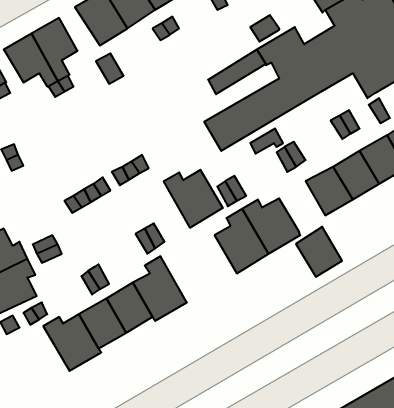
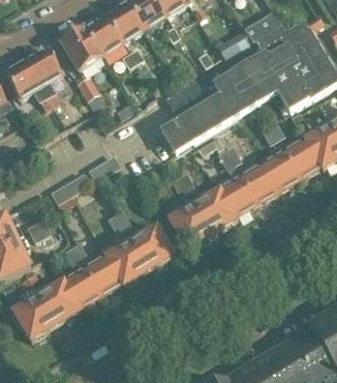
building: [164,170,223,228] -> [127,225,174,270]
building: [296,227,342,277] -> [220,175,256,214]
building: none -> [10,289,56,338]

